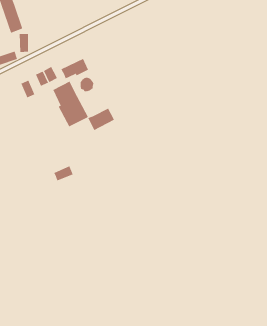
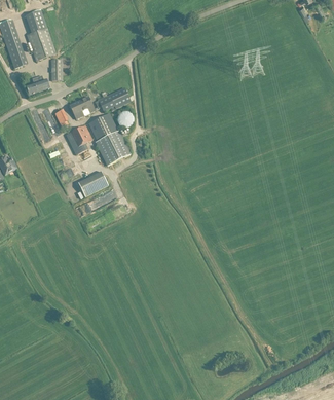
building: none -> [66,125,95,155]
building: [87,108,115,131] -> [77,172,108,197]

